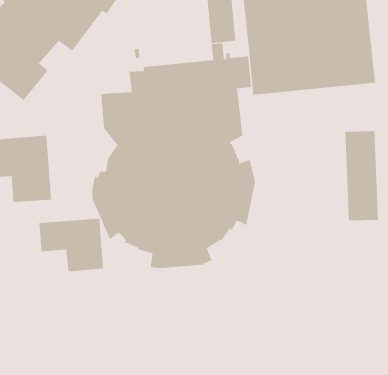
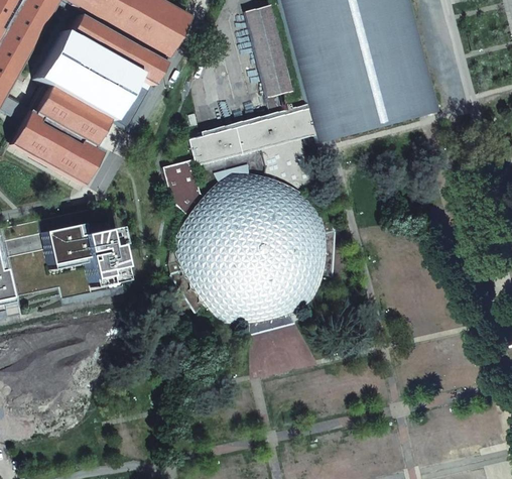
building: [345,130,378,221] -> none
building: [39,218,103,272] -> none

